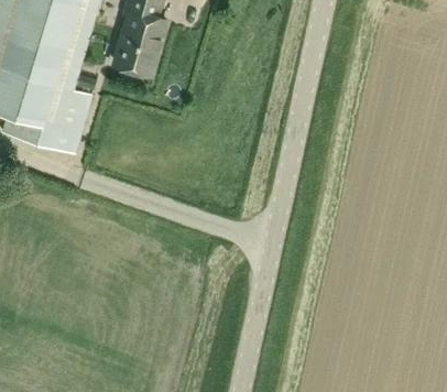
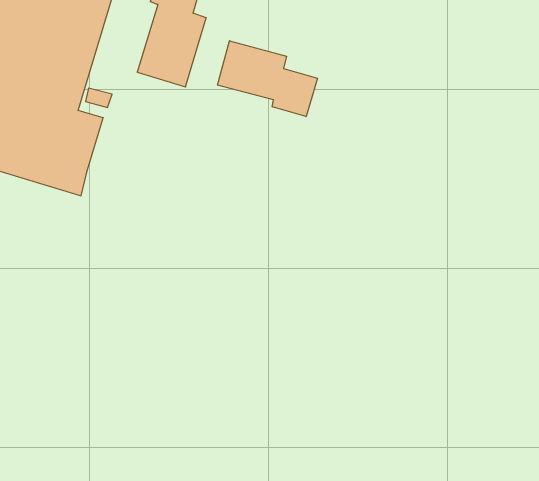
building: none -> [218,41,317,117]

